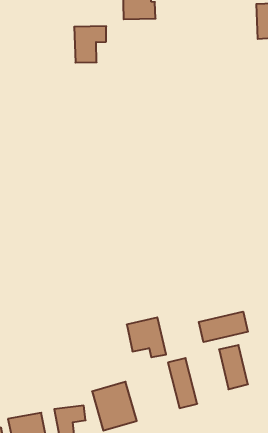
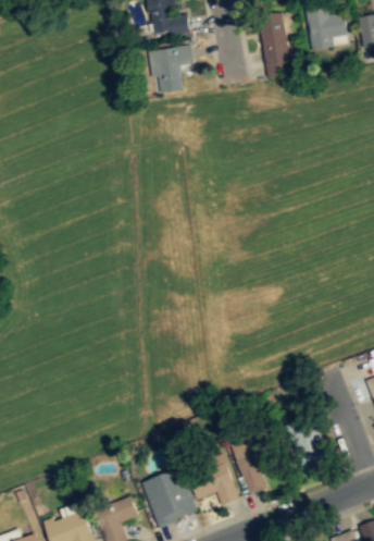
building: none -> [260,13,290,77]
building: [74,26,106,63] -> [153,47,192,93]
building: [199,312,248,342] -> none
building: [127,317,166,357] -> [188,457,237,505]

